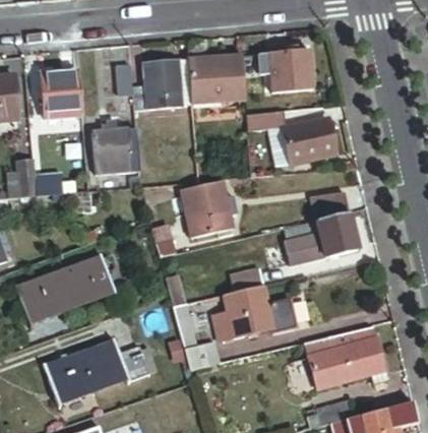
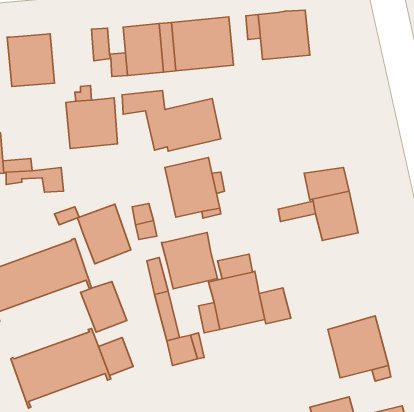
building: [246,110,335,165] -> [122,90,221,151]
building: none -> [77,204,131,264]
building: [284,233,324,264] -> none
building: none -> [162,233,217,289]
building: none -> [81,281,127,332]
building: [304,337,341,388] -> none

